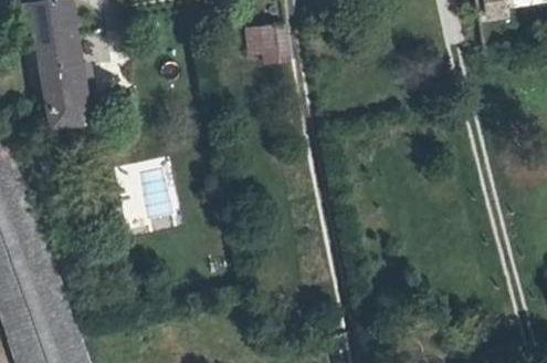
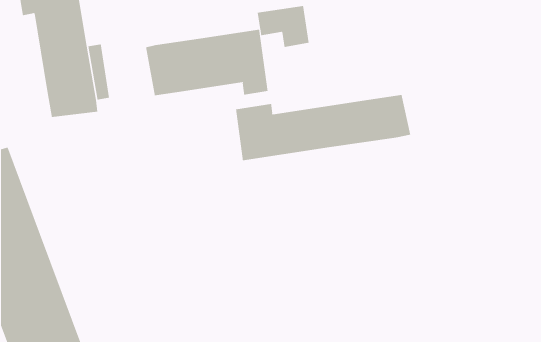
building: none -> [145,29,268,96]
building: none -> [235,94,411,161]

